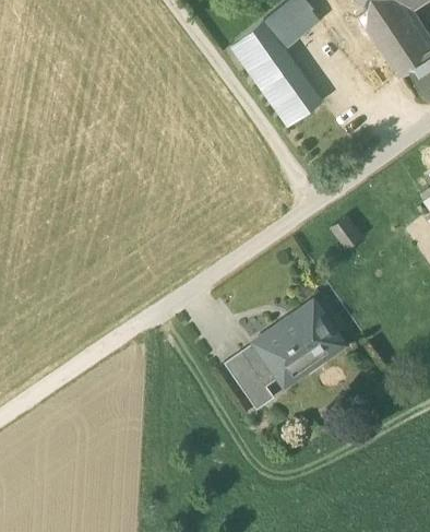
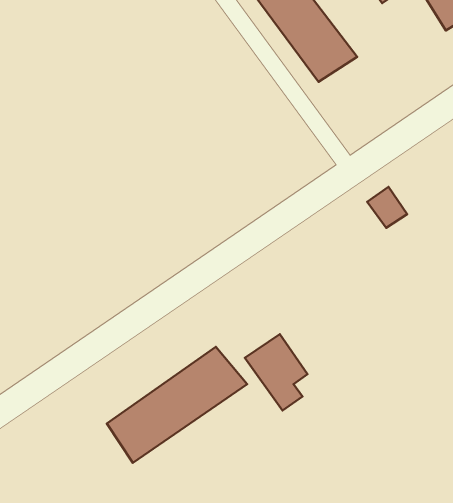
building: [255,302,344,377] -> none
building: none -> [107,347,247,463]

